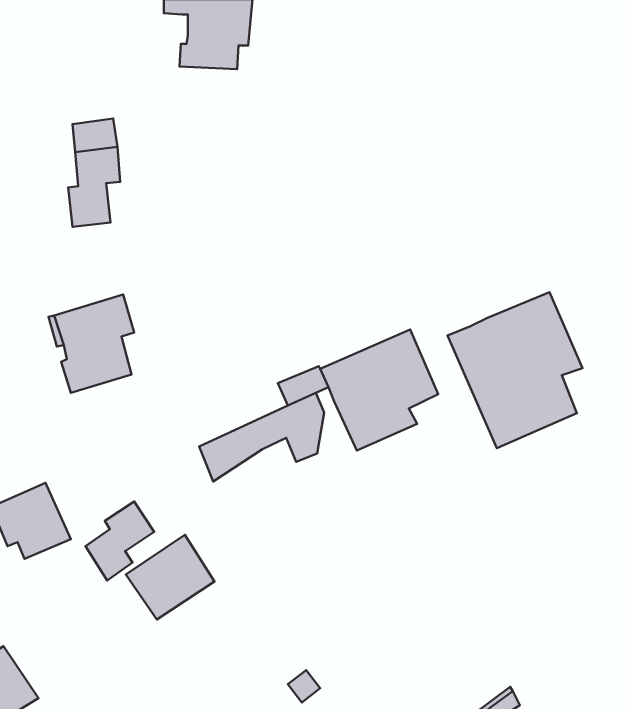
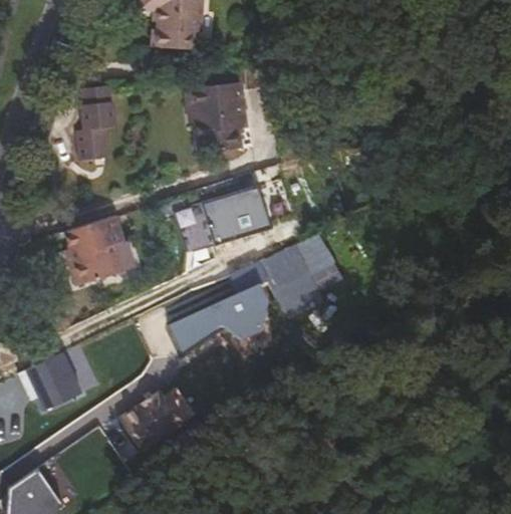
building: none -> [193,82,256,154]
building: none -> [169,190,266,254]
building: [448,292,582,448] -> none
building: [85,502,154,581] -> none

